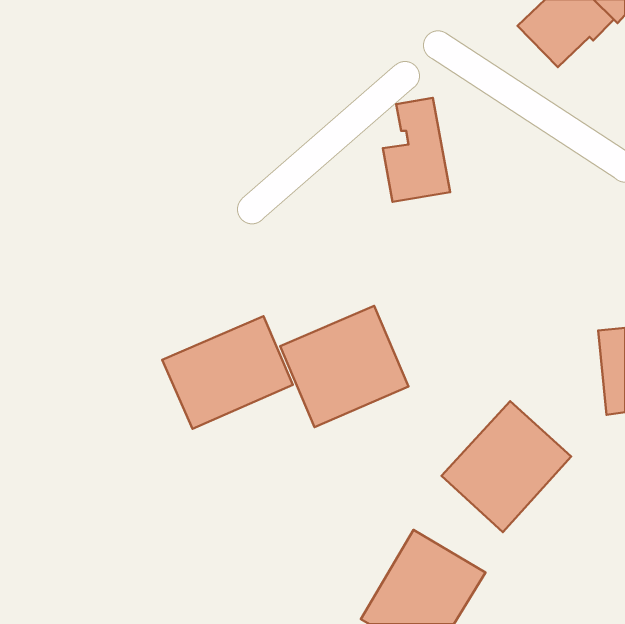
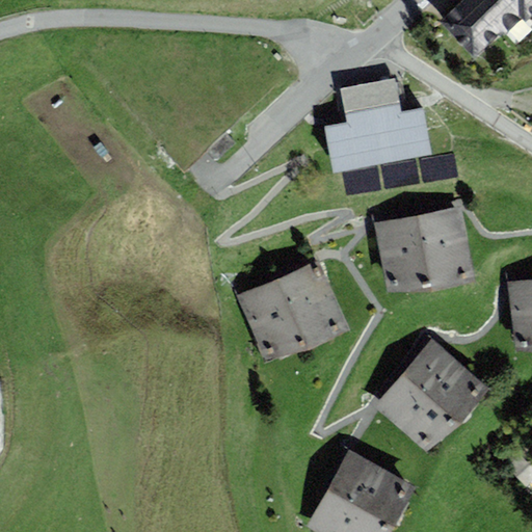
building: none -> [368,77,432,163]
building: none -> [375,207,475,293]
building: [162,316,293,429] -> none

